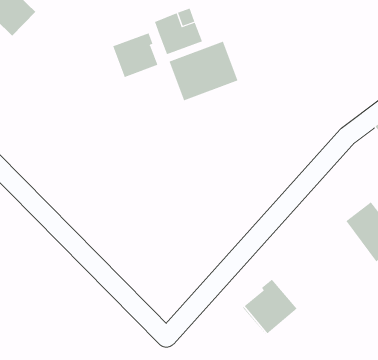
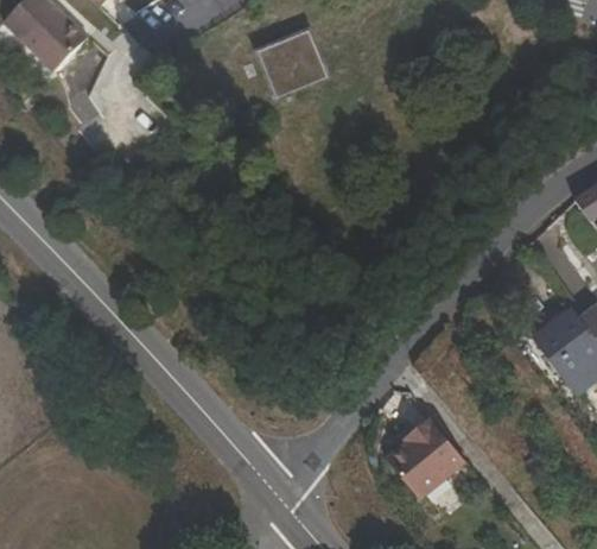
building: [112,33,158,78] -> none
building: [169,41,238,101] -> none

